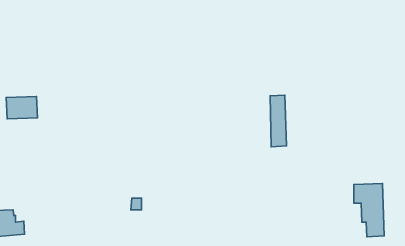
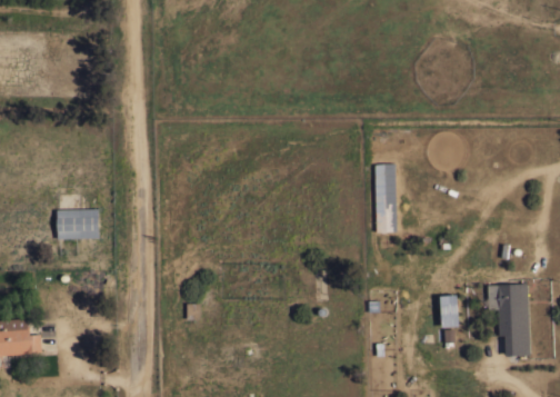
building: [6,97,37,119] -> [57,209,99,239]
building: none -> [442,295,460,327]

